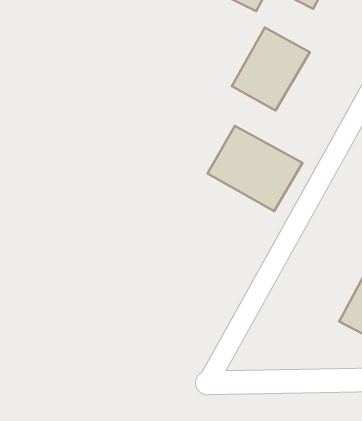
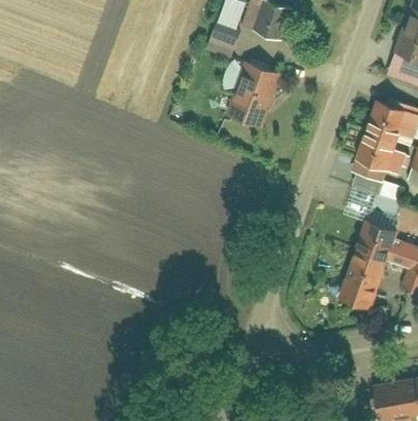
building: [207,126,302,211] -> none

